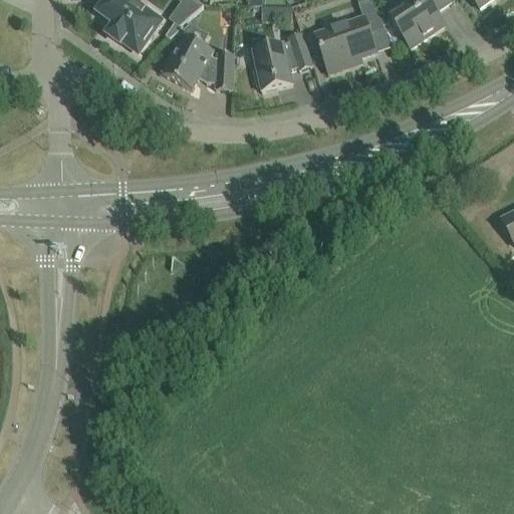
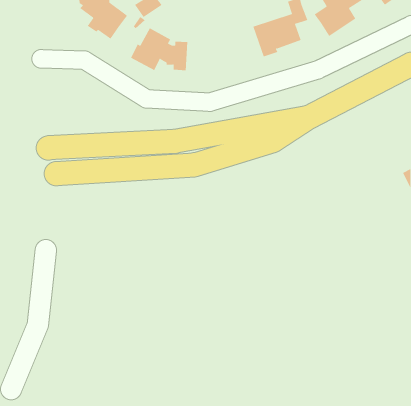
building: [253,33,313,89] -> none

